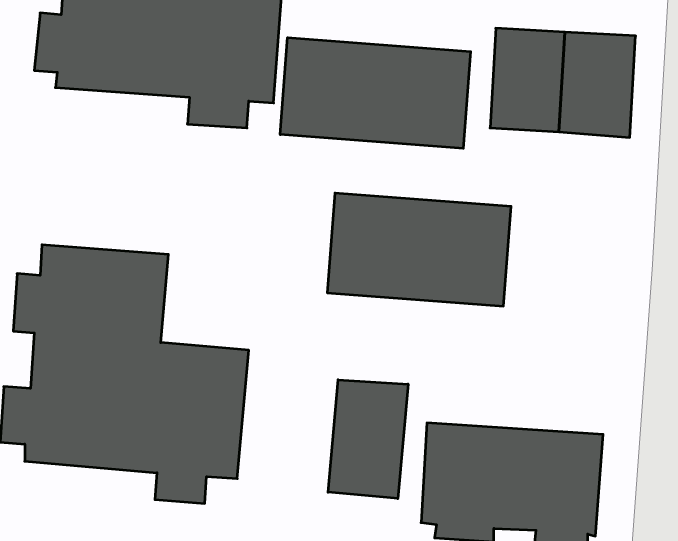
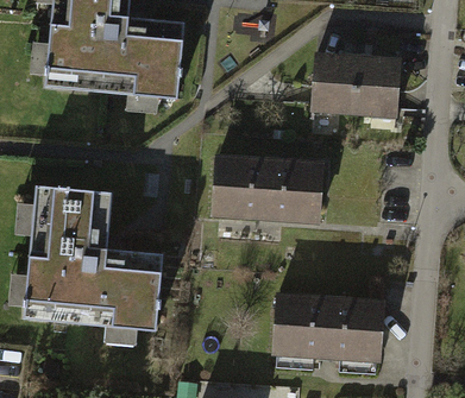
building: [280,38,471,148] -> none
building: [328,380,408,499] -> none

